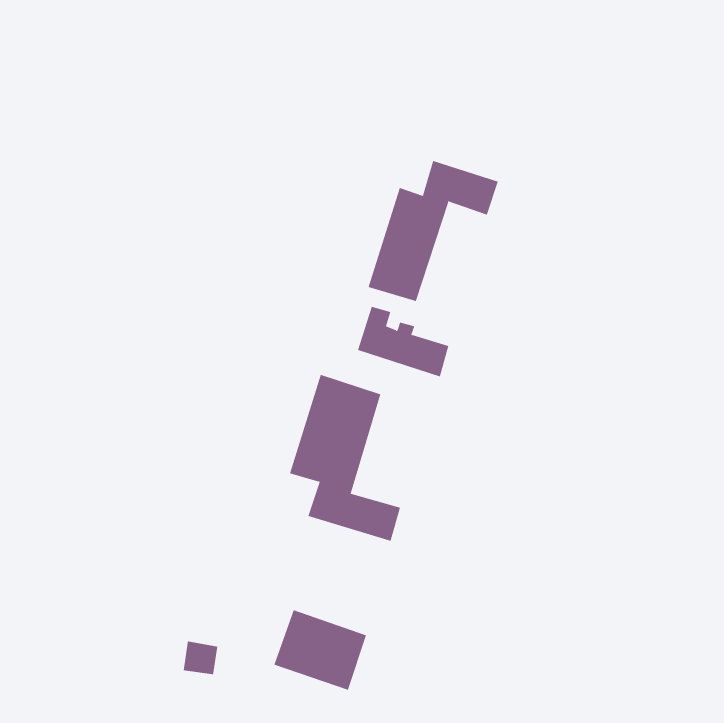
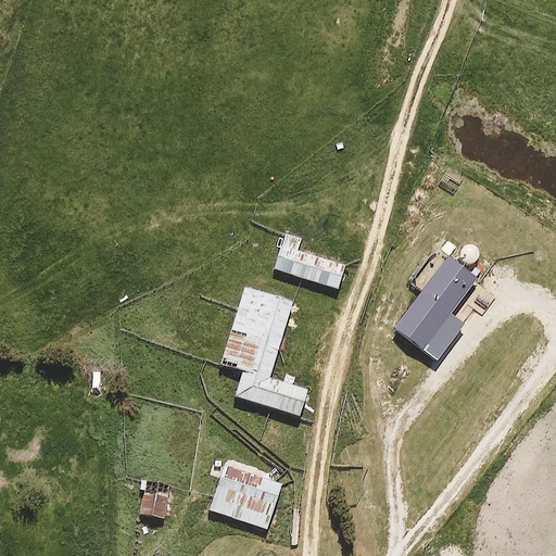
building: [368,160,498,302] -> none
building: none -> [394,239,483,349]

